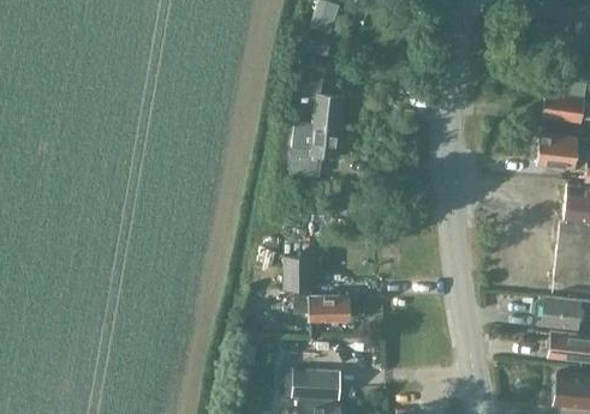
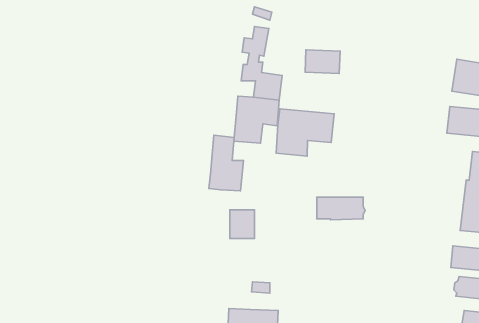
building: none -> [305,50,340,73]
building: none -> [276,109,334,156]
building: none -> [209,135,243,191]
building: [296,296,352,323] -> [317,197,365,220]

